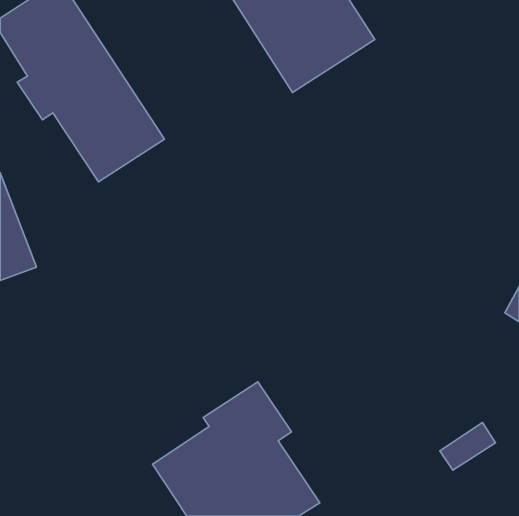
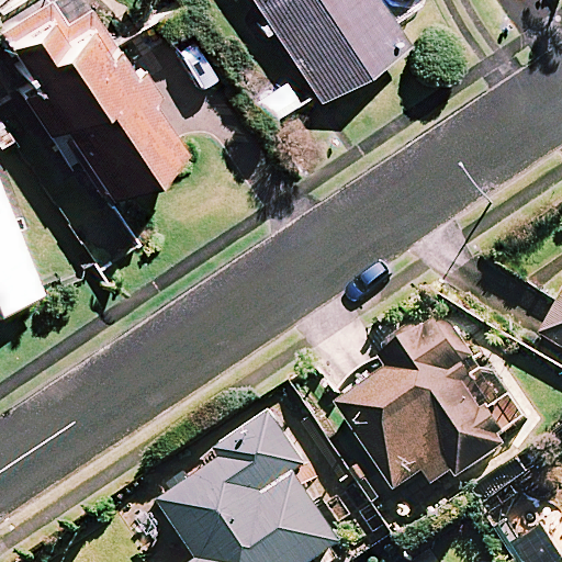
building: none -> [341,326,512,495]

